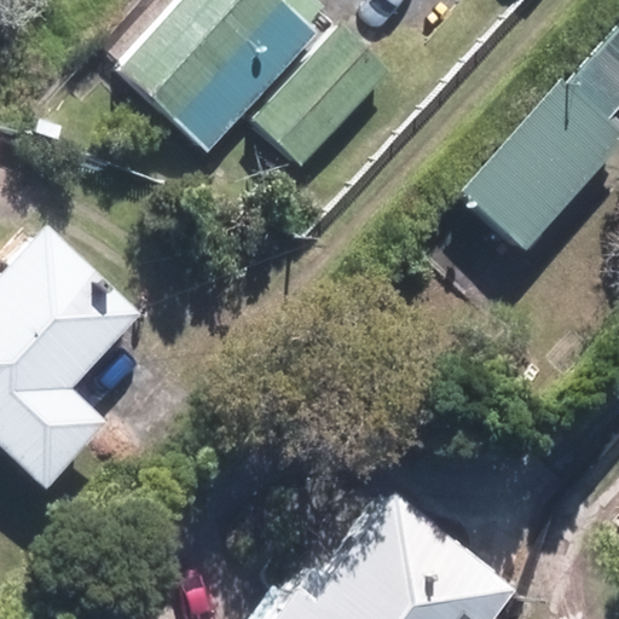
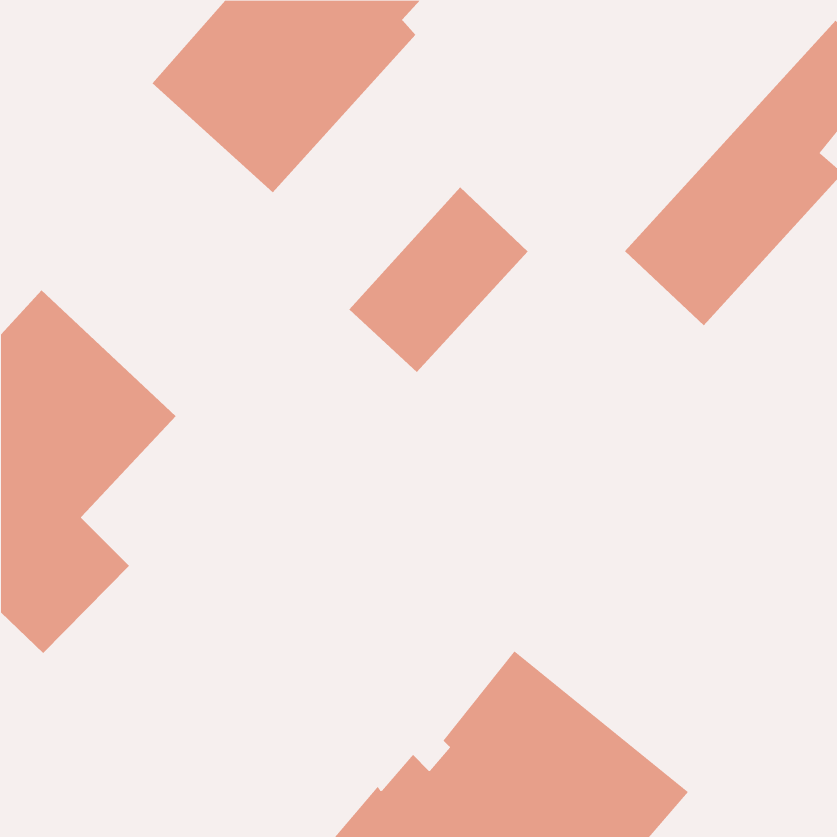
building: [254,29,384,164] -> [349,187,528,373]

